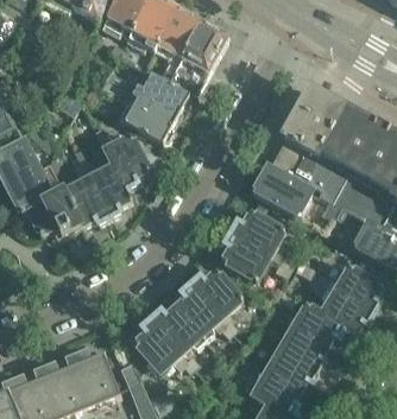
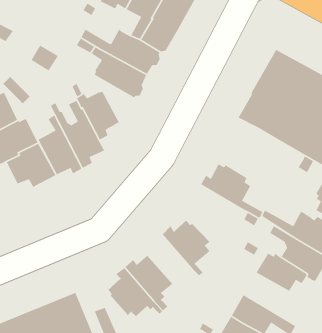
building: [253,165,315,215] -> none
building: [222,231,272,279] -> none
building: [176,284,231,336] -> none
building: [277,324,340,380] -> none

